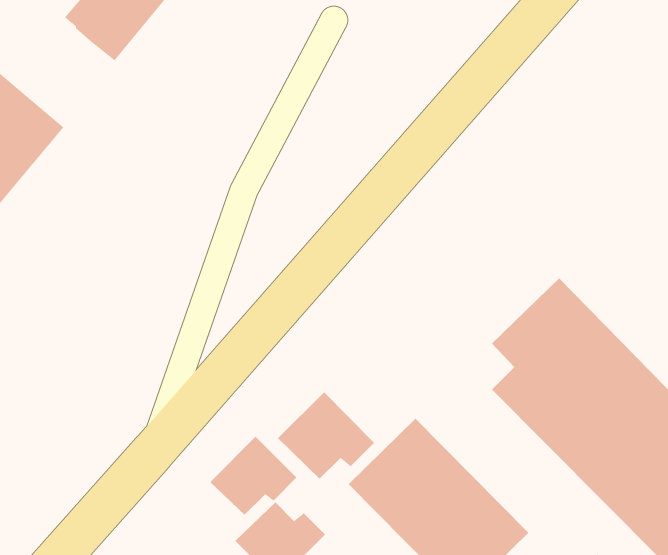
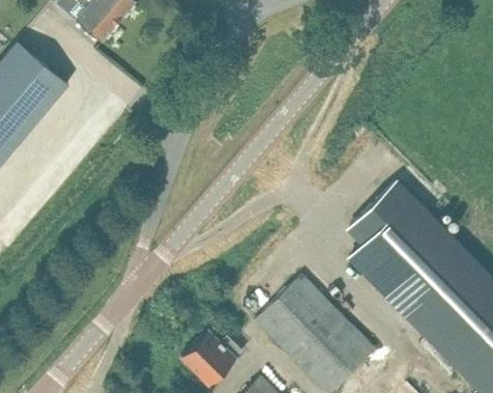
building: [277,392,375,480] -> none
building: [209,436,297,516] -> none

